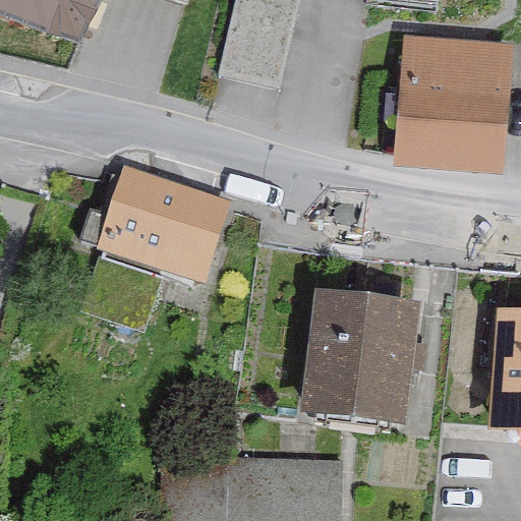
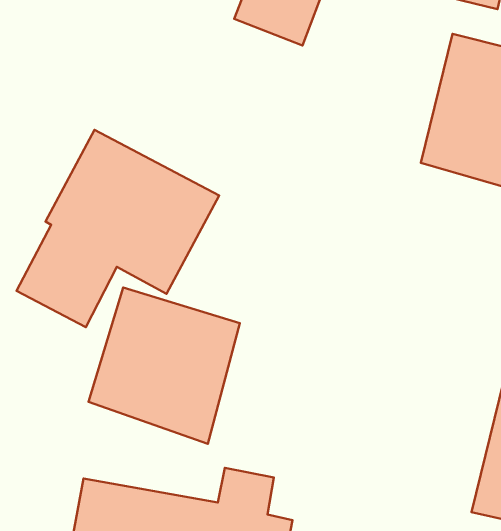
building: none -> [89,287,240,444]
building: [301,293,416,421] -> none

